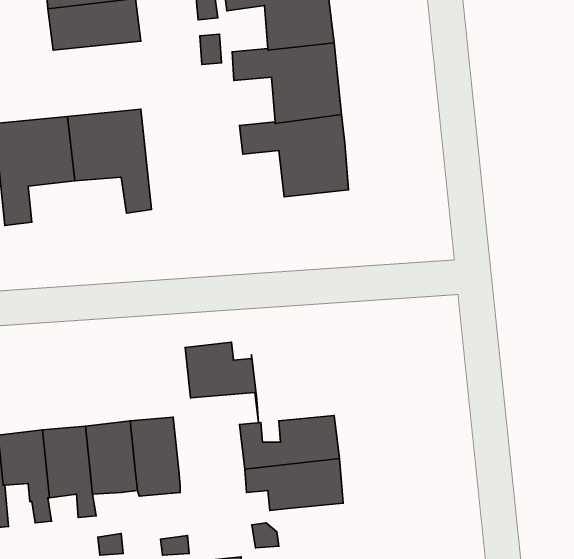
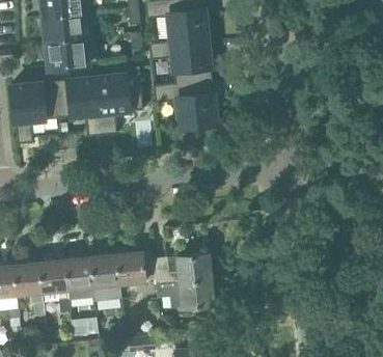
building: none -> [45,36,98,68]
building: none -> [95,71,142,134]
building: [185,342,259,423] -> [114,251,157,298]

